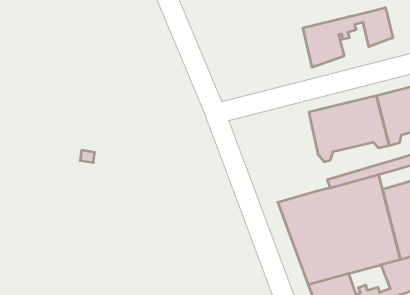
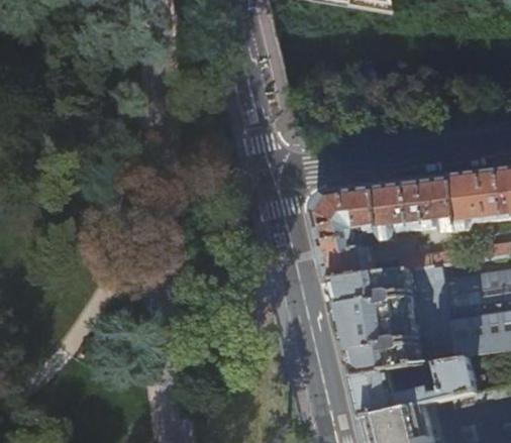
building: [303,8,393,67] -> none
building: none -> [315,185,382,280]

